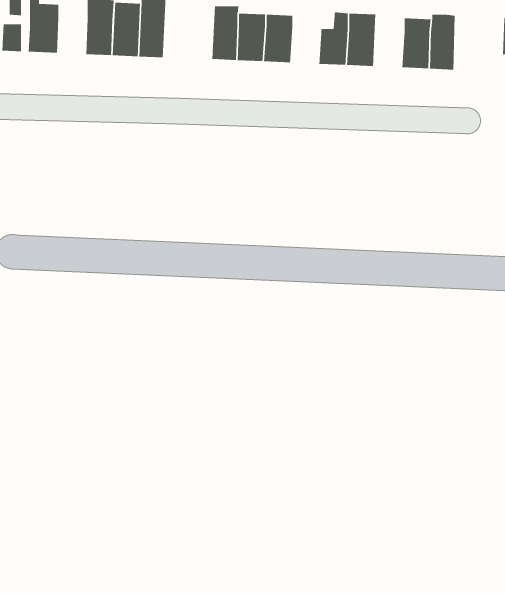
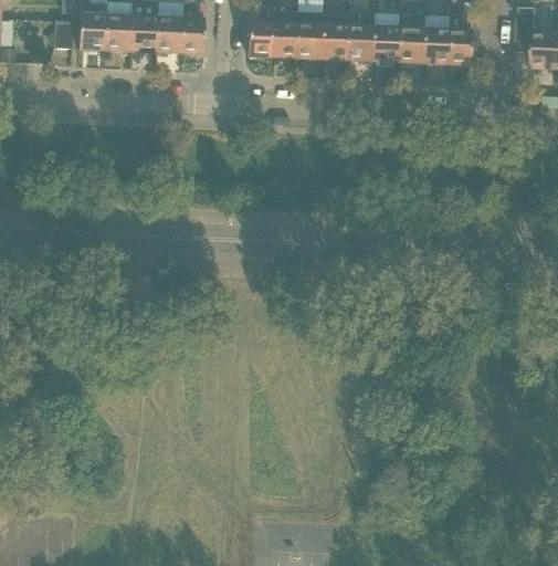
building: none -> [398,13,425,63]
building: none -> [322,14,349,60]
building: none -> [107,17,134,51]

